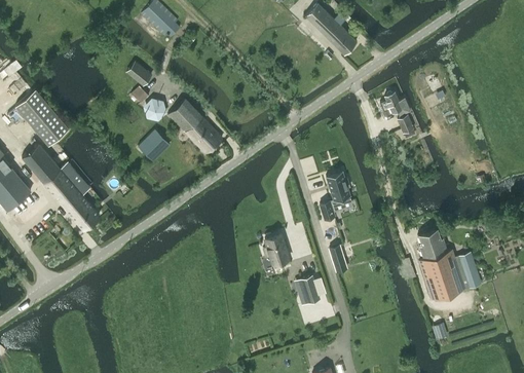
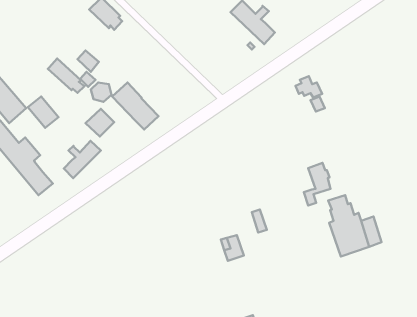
building: none -> [48,58,84,93]
building: none -> [28,97,59,128]
building: none -> [64,141,101,178]
building: [321,171,351,220] -> [304,163,331,206]
building: [263,234,290,268] -> none

